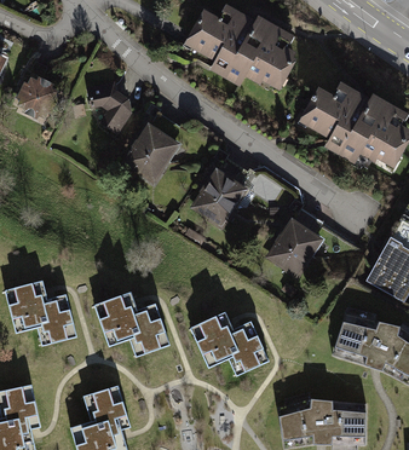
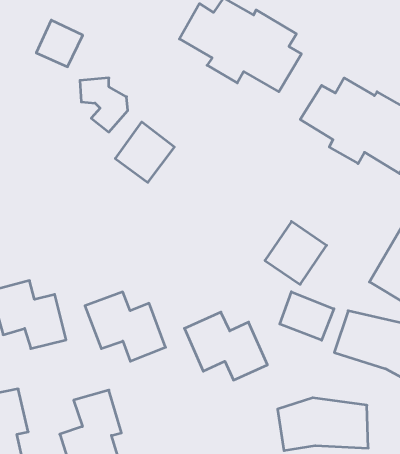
building: [16,75,61,120] -> [36,20,83,67]
building: [189,172,248,232] -> none
building: none -> [280,292,334,340]

